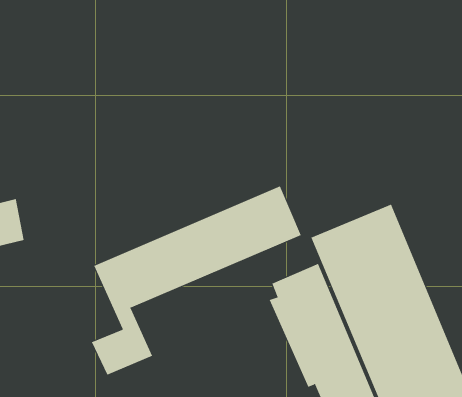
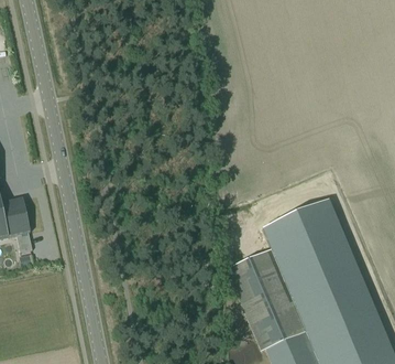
building: [91,185,301,375] -> none

